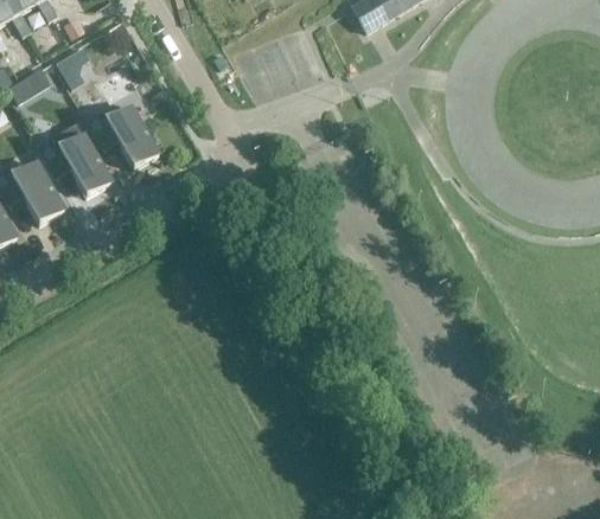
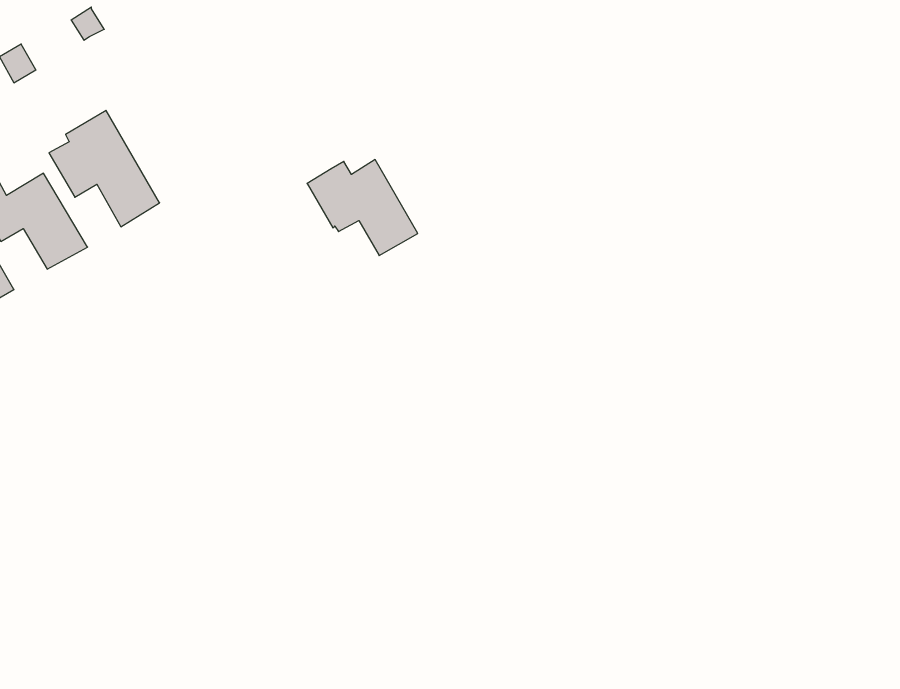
building: [89,104,160,166] -> [307,160,418,256]

